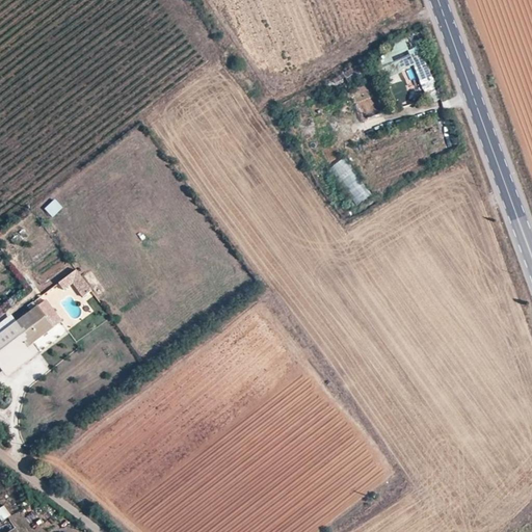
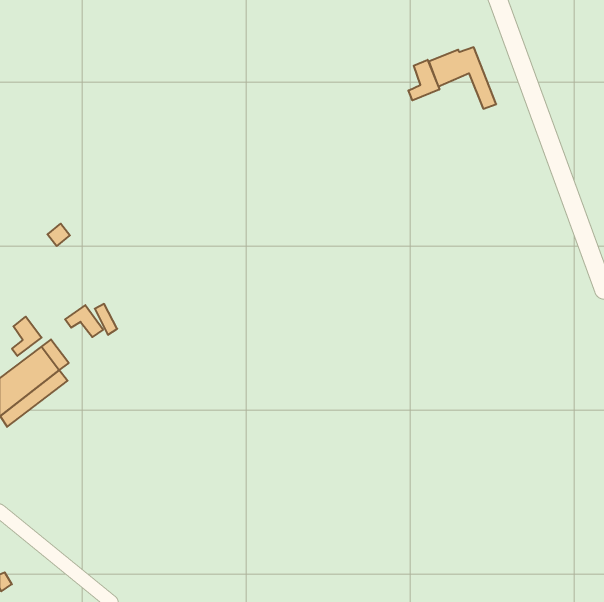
building: none -> [408,60,439,100]
building: none -> [12,317,42,356]

